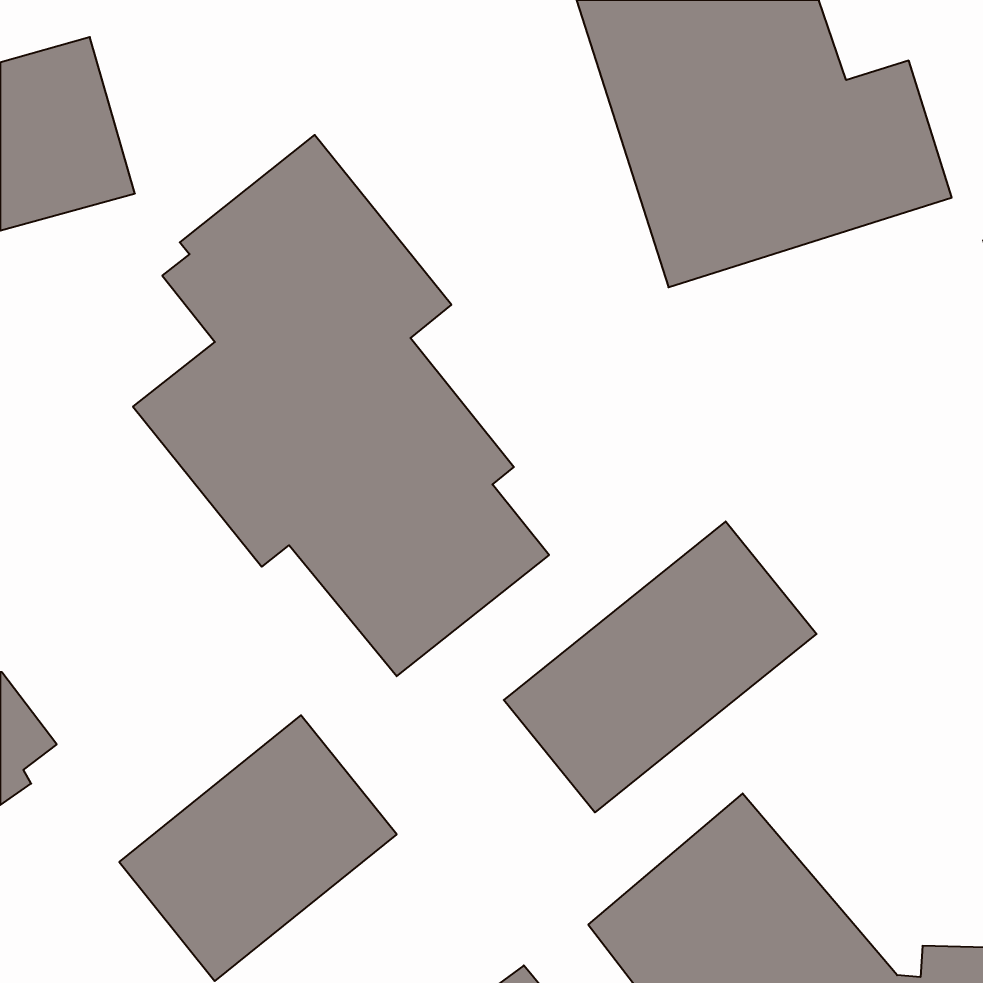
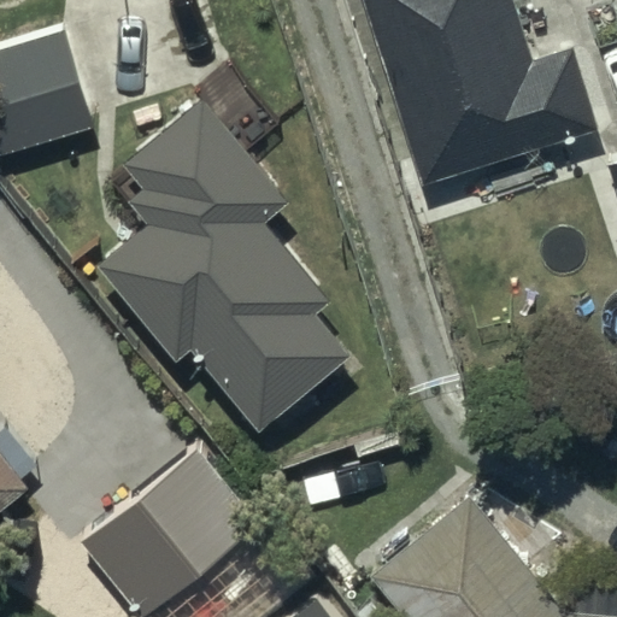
building: [504,521,817,812] -> none

